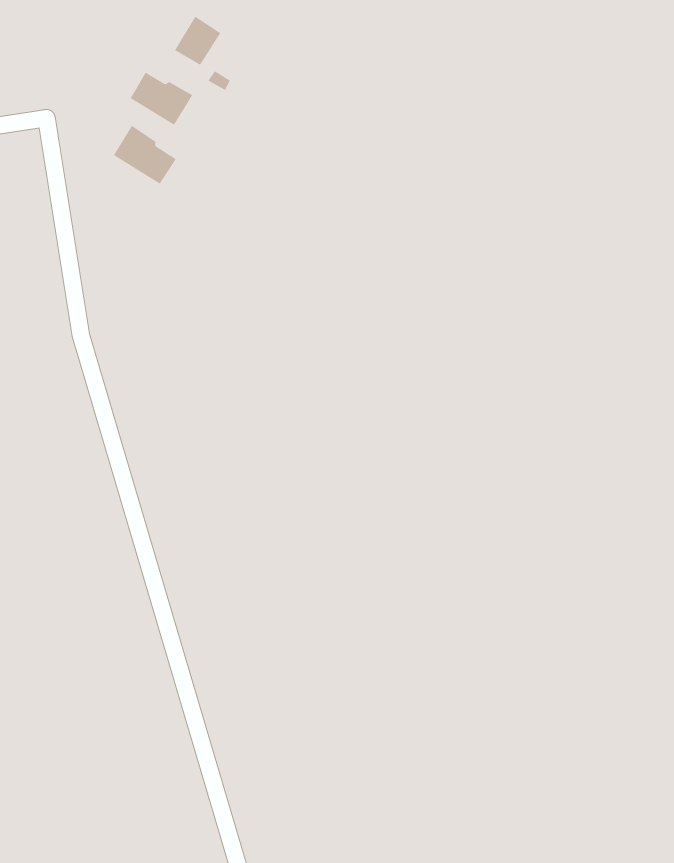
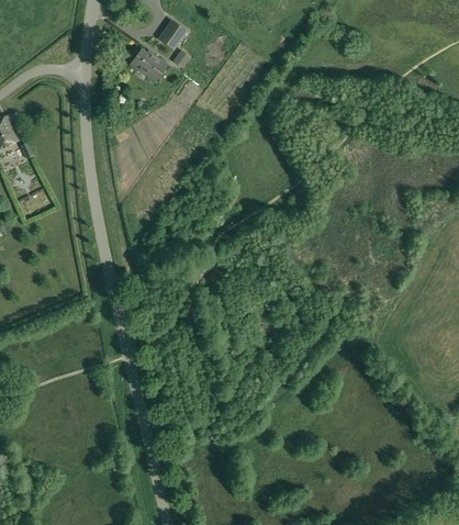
building: [113,125,177,184] -> none

